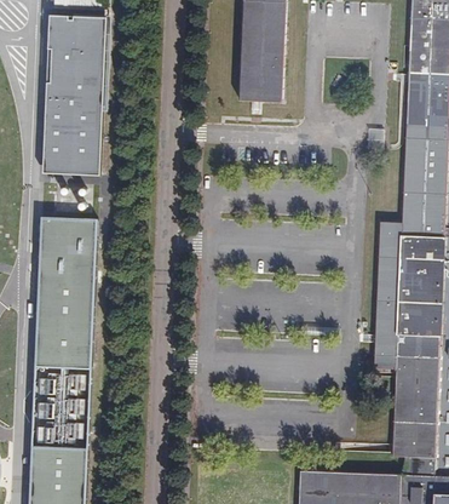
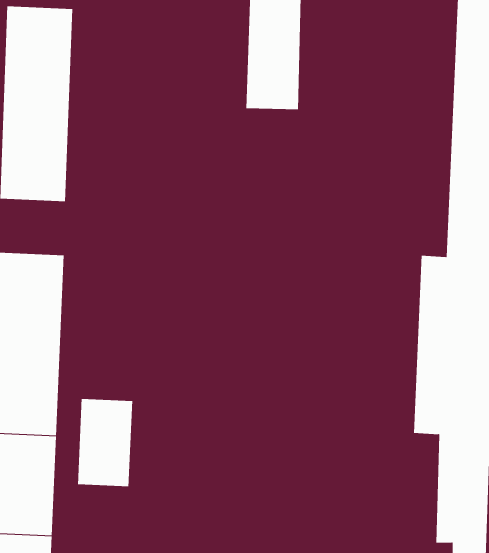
building: none -> [77,398,133,487]

